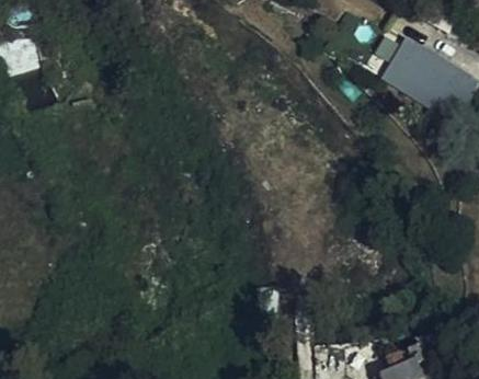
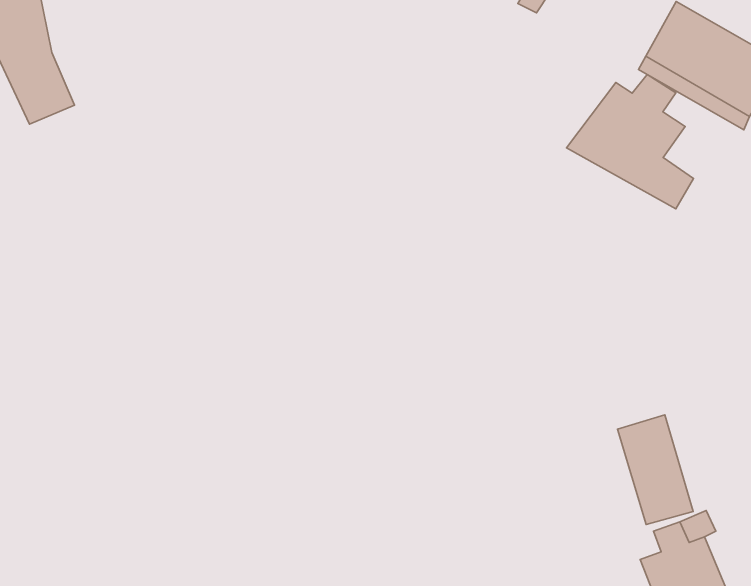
building: none -> [567,74,693,209]
building: none -> [618,415,693,525]

